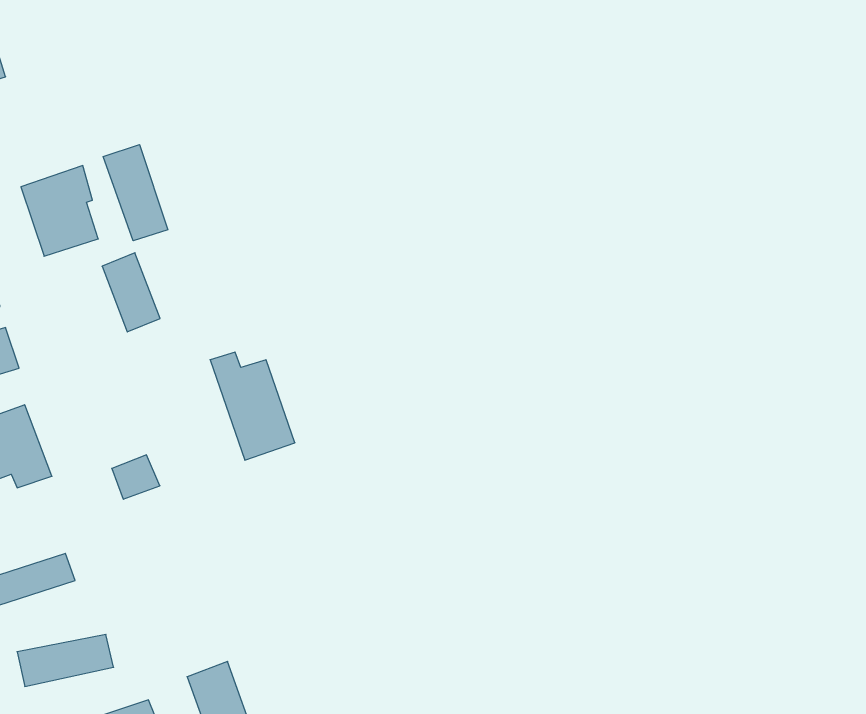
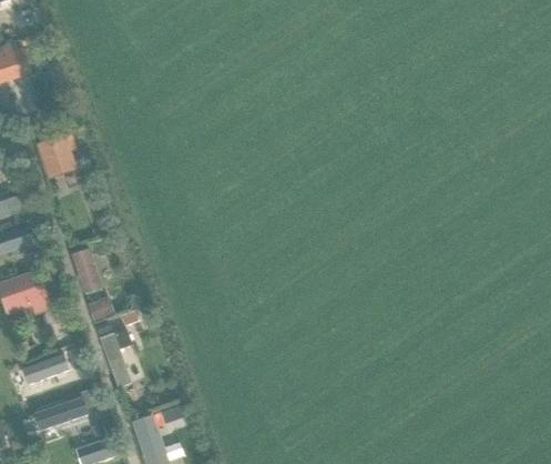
building: [103,145,168,241] -> none
building: [102,253,160,332] -> [70,248,103,293]
building: [210,352,295,460] -> [96,324,145,386]

